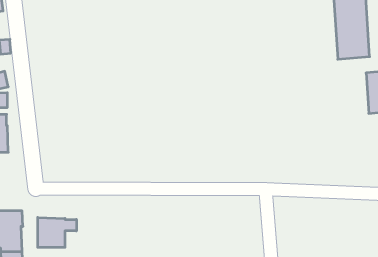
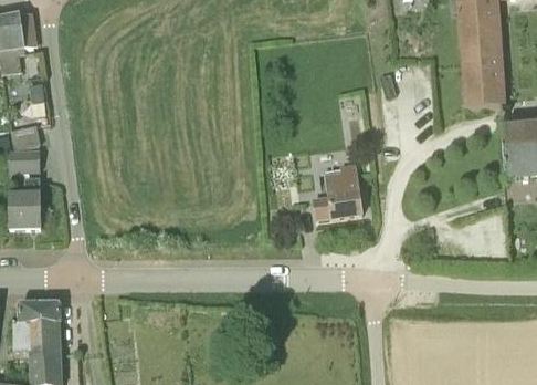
building: none -> [313,165,362,217]
building: [38,217,76,247] -> none

